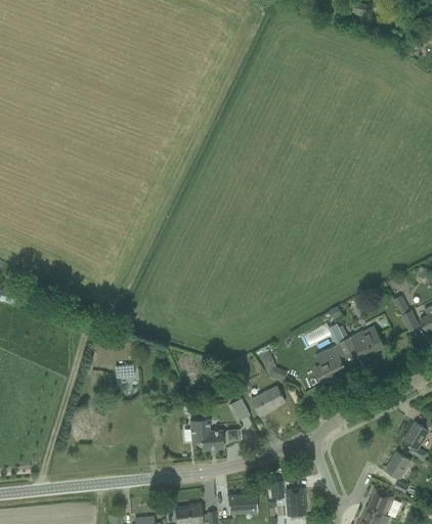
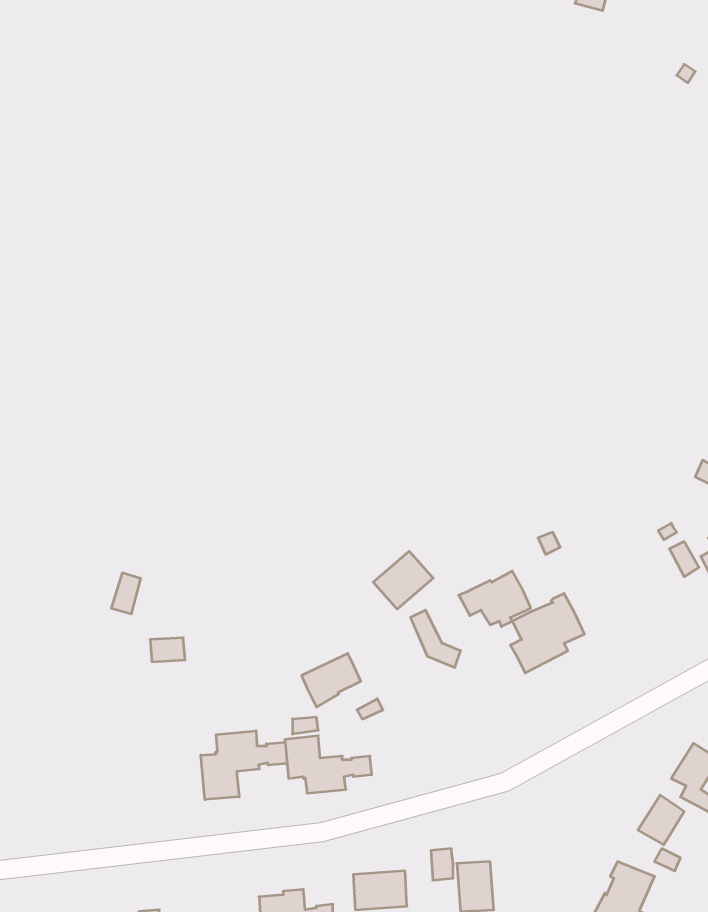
building: none -> [373,551,433,609]
building: [344,326,384,357] -> [459,571,531,627]
building: [251,387,284,417] -> [302,653,361,707]
building: none -> [201,731,287,800]

